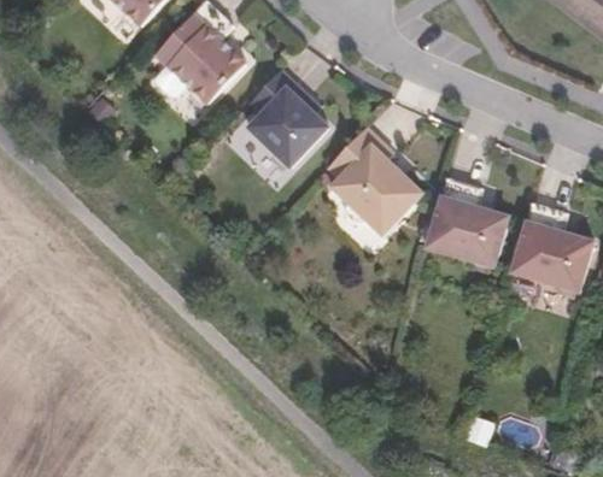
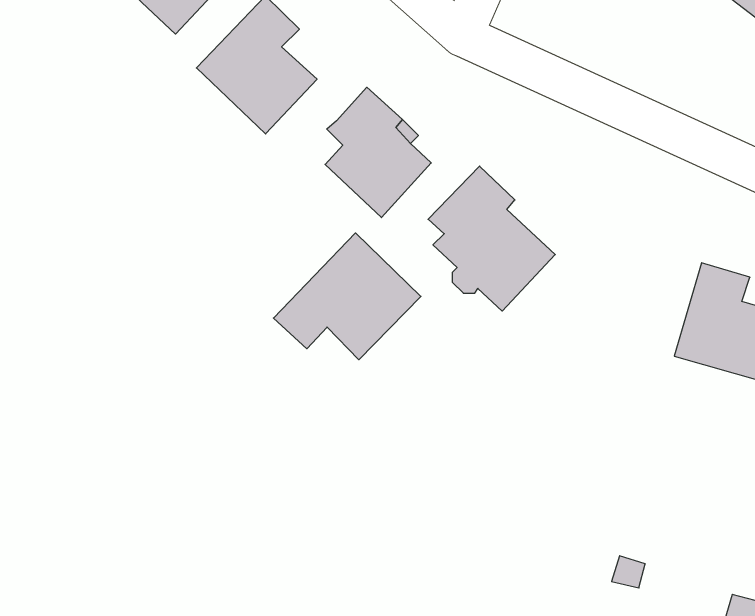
building: none -> [273,233,421,360]
building: [426,179,508,269] -> none

